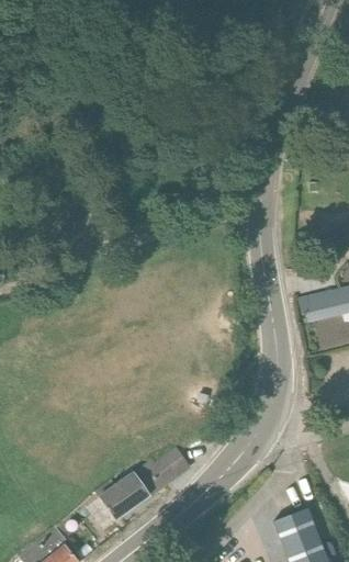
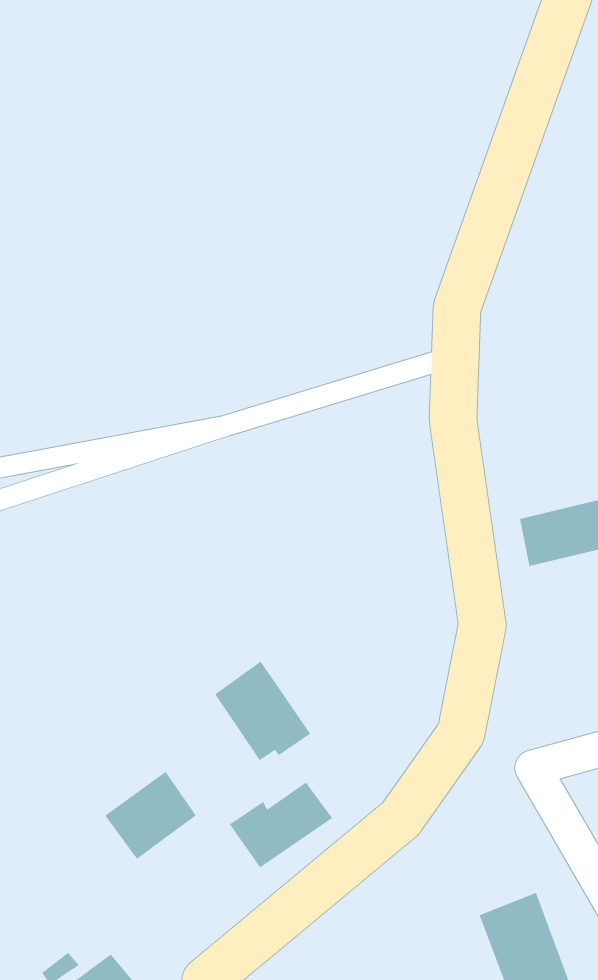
building: none -> [214,660,311,761]
building: [98,470,150,520] -> [104,771,197,860]

